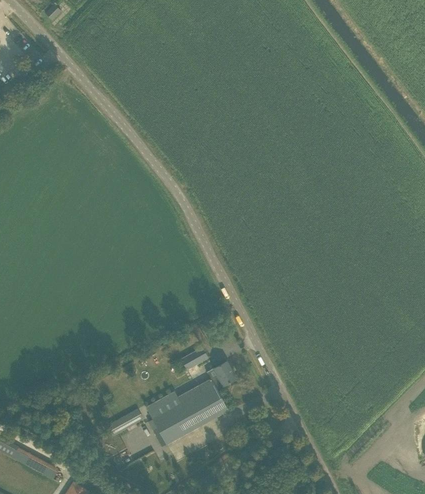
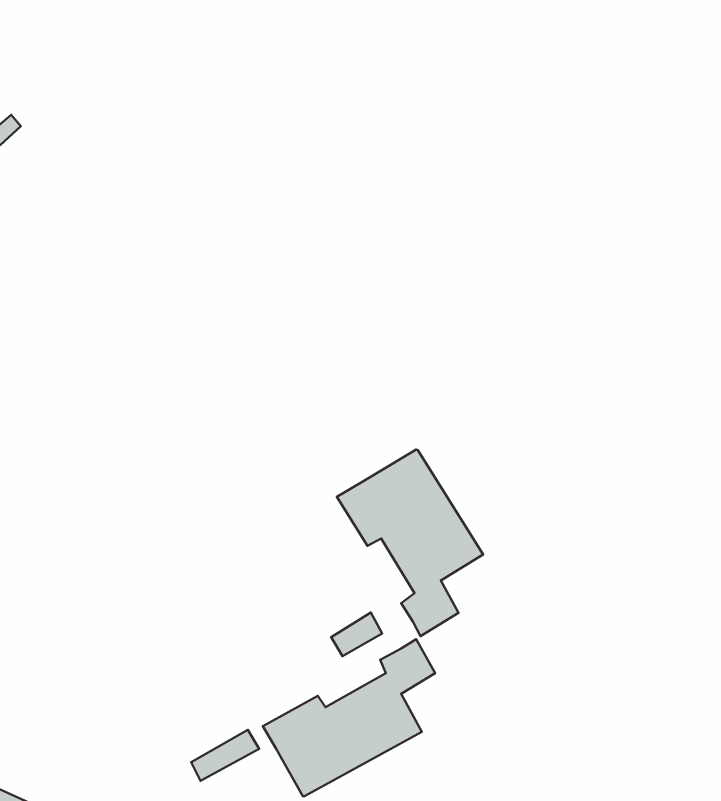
building: none -> [337,449,483,636]

